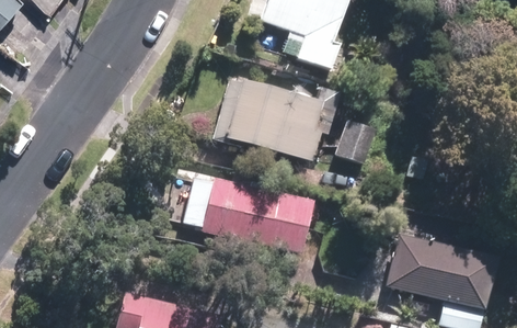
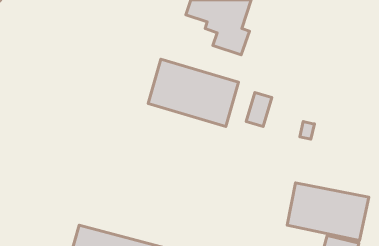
building: [183,174,314,250] -> none

